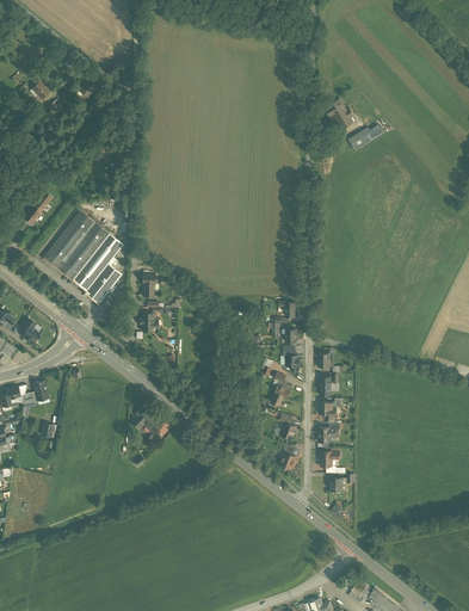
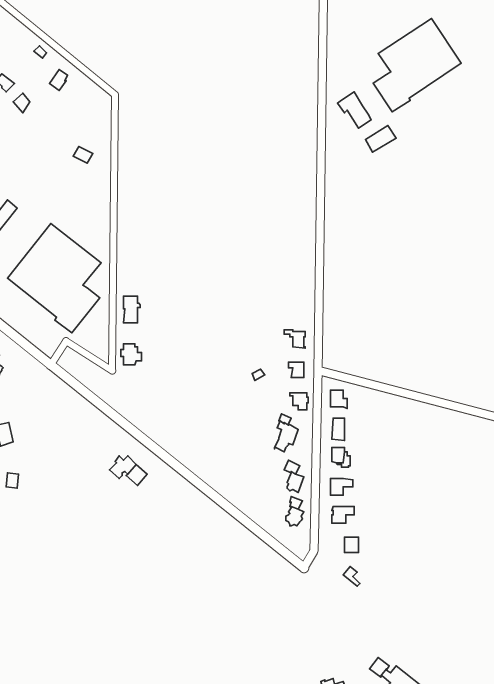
building: none -> [373,19,461,112]

